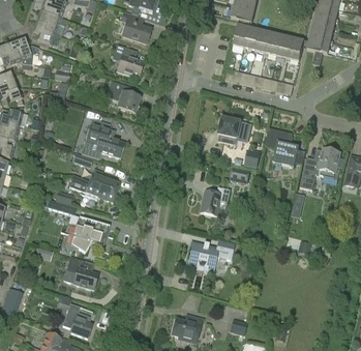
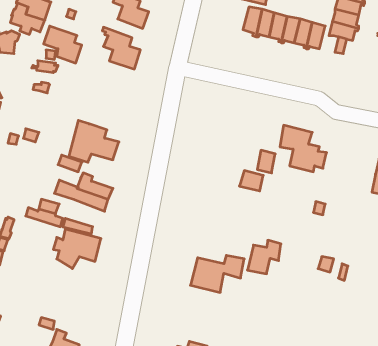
building: [107,80,140,112] -> [44,26,82,63]
building: [218,116,249,144] -> none
building: [300,148,340,188] -> none
building: [201,185,230,214] -> [247,240,281,274]
building: [63,256,98,288] -> none

